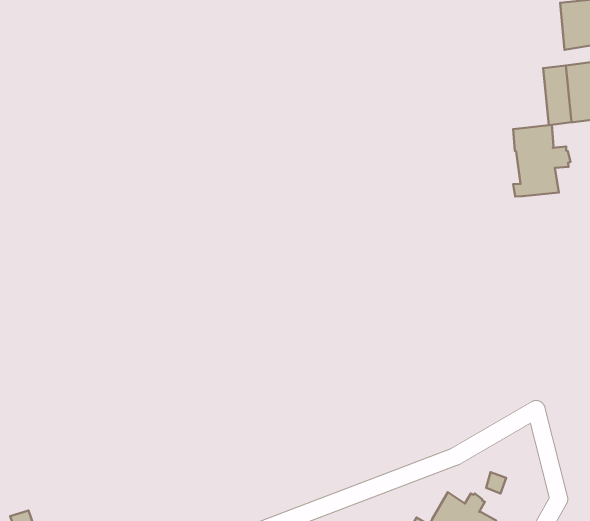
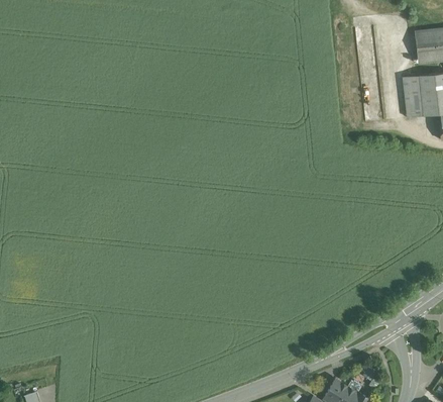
building: [513,125,570,196] -> none

